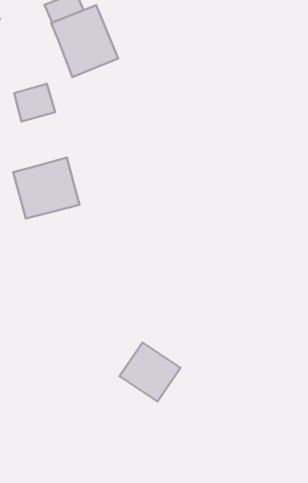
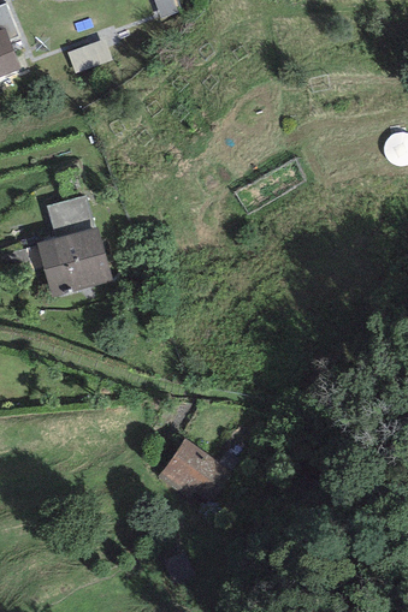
building: [51,5,118,77] -> none
building: [14,84,55,122] -> [46,195,93,238]

